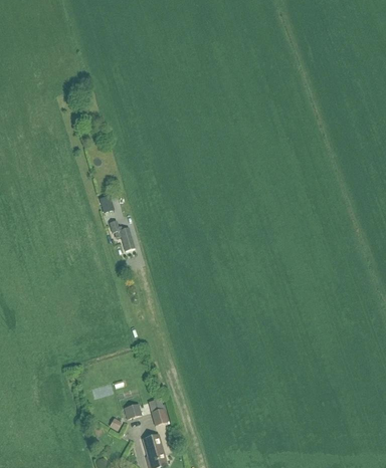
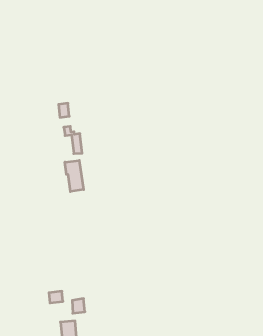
building: none -> [65,160,84,192]

